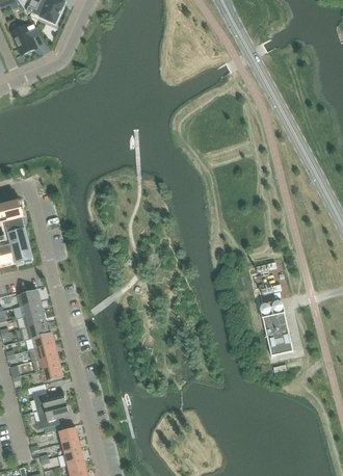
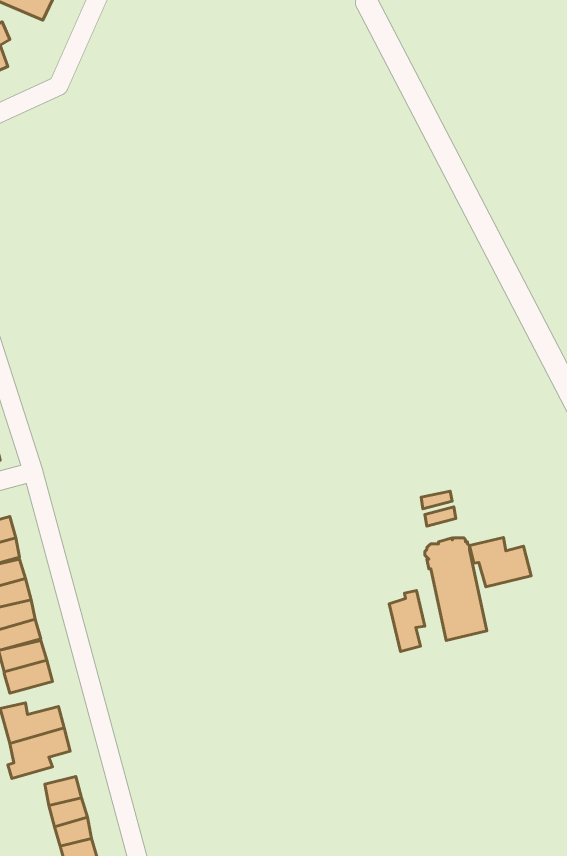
building: none -> [470,538,531,587]
building: none -> [389,590,425,652]

